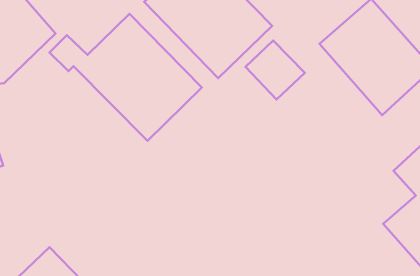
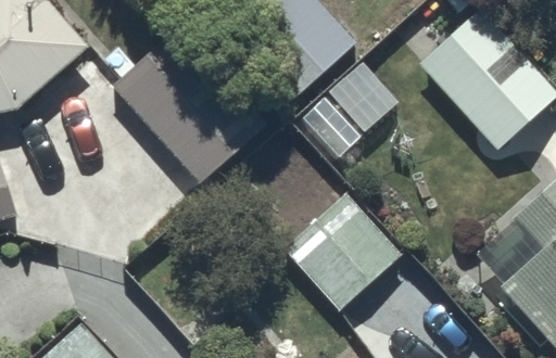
building: none -> [282,190,403,310]

